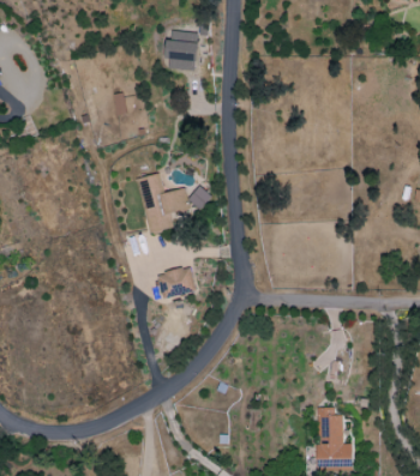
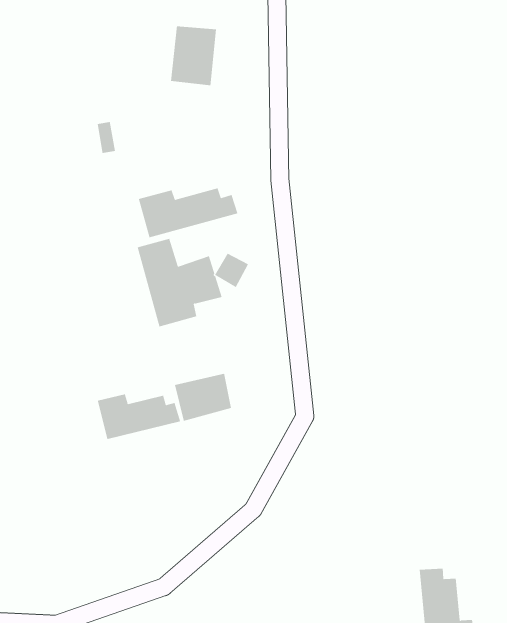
building: none -> [138,188,238,238]
building: none -> [97,394,181,440]

